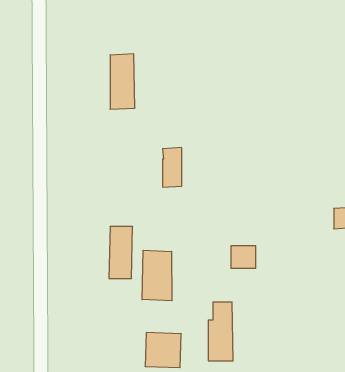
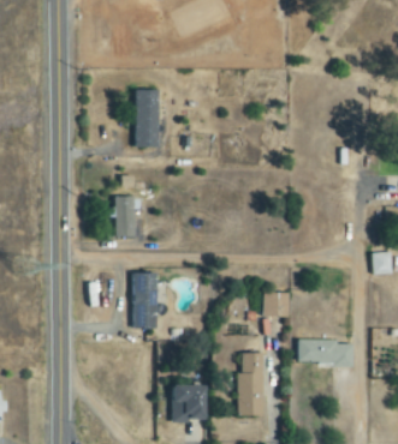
building: [163,148,182,187] -> [114,194,135,236]
building: [142,250,172,301] -> none
building: none -> [297,338,354,364]

